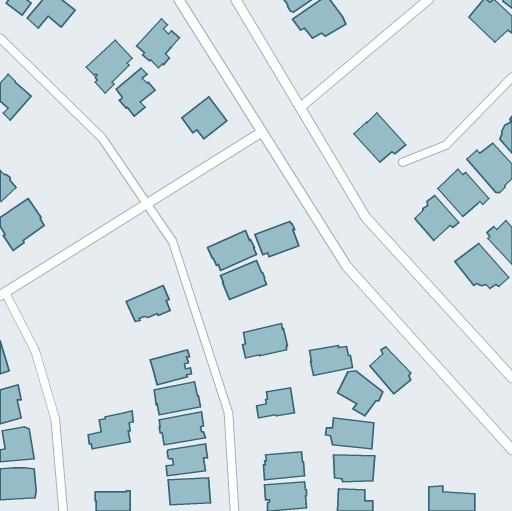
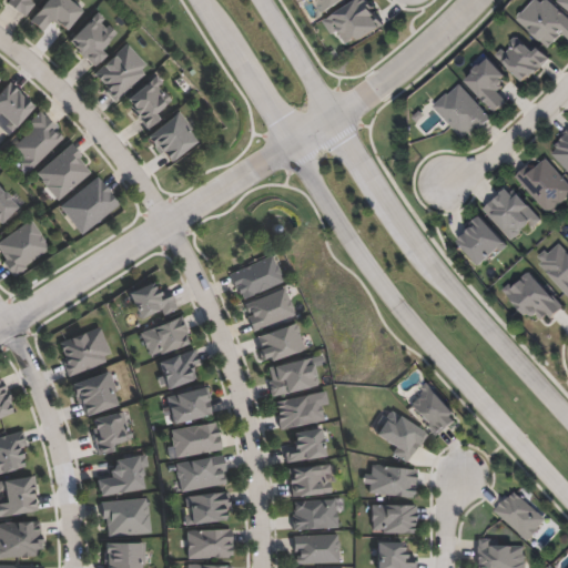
building: [136,19,180,68] -> [70,11,118,65]
building: none -> [497,43,549,82]
building: none -> [467,59,507,111]
building: [182,97,227,139] -> [148,114,197,161]
building: none -> [13,111,62,172]
building: [354,113,406,162] -> [434,83,491,138]
building: none -> [37,143,91,201]
building: none -> [60,178,119,234]
building: [255,222,299,257] -> [256,323,305,362]
building: none -> [129,283,176,320]
building: none -> [60,327,110,375]
building: none -> [159,349,199,390]
building: none -> [72,371,122,417]
building: [309,345,353,375] -> [276,396,324,429]
building: none -> [93,410,133,456]
building: none -> [287,465,331,497]
building: none -> [495,493,546,541]
building: none -> [101,498,151,538]

